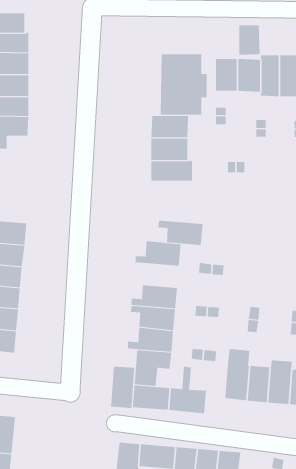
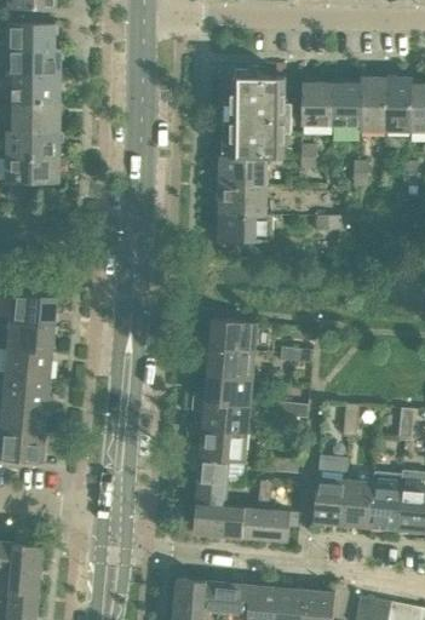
building: [239,25,260,56] -> none
building: [158,220,203,245] -> [195,346,254,379]
building: [110,366,135,409] -> none

